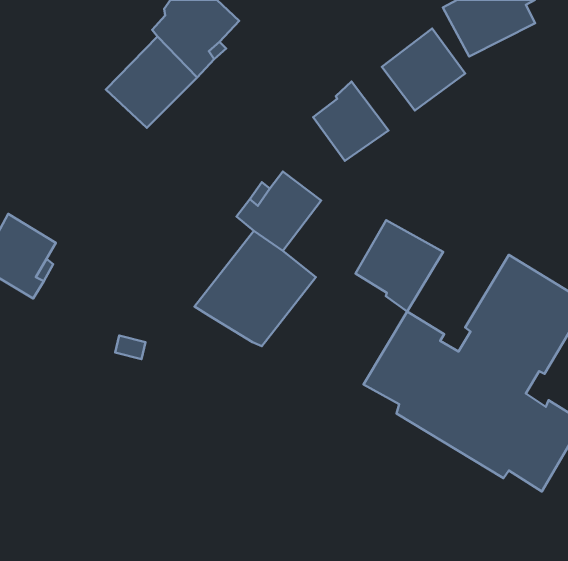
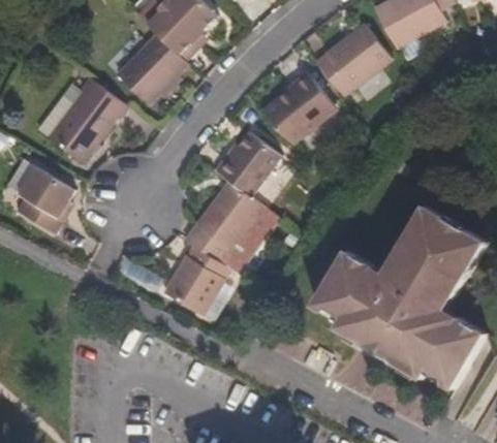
building: none -> [46,84,127,163]
building: [356,220,443,312] -> none
building: none -> [165,249,226,316]

